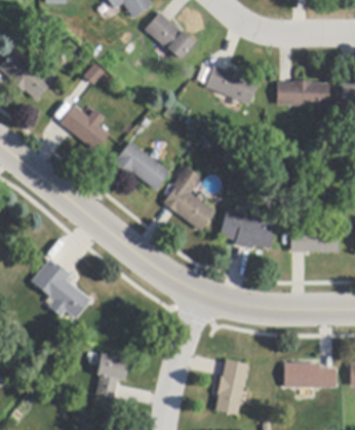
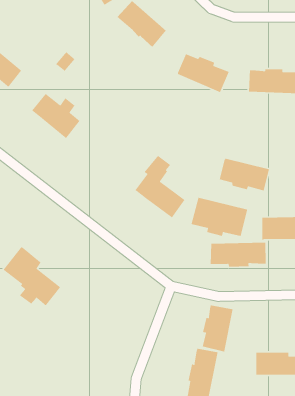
building: [112,142,168,190] -> none
building: none -> [219,158,270,191]
building: none -> [210,242,267,267]
building: none -> [202,304,234,352]
building: [95,354,128,397] -> none

